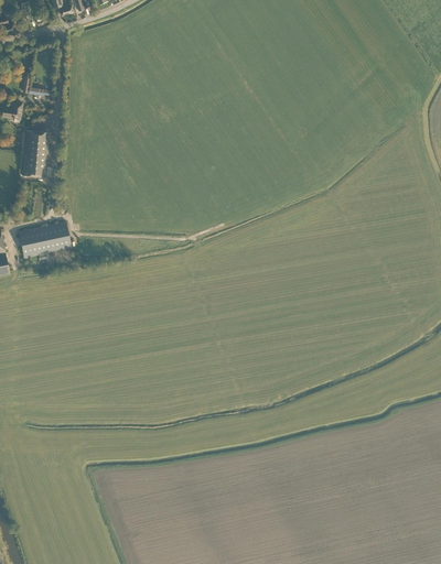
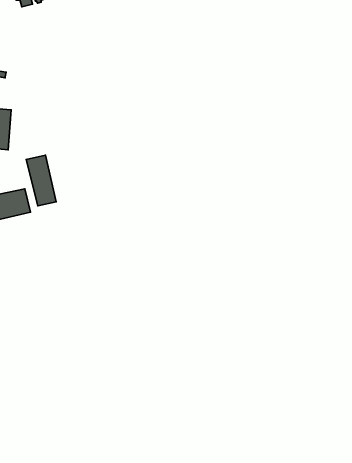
building: none -> [26,155,56,206]

